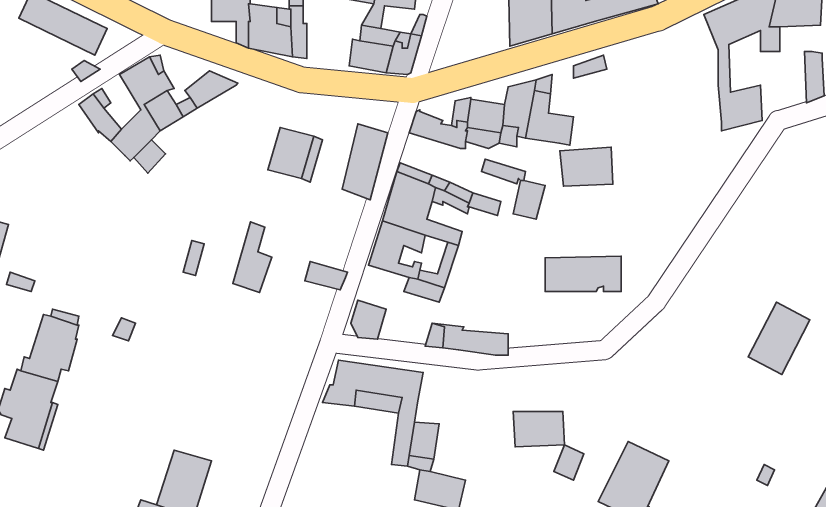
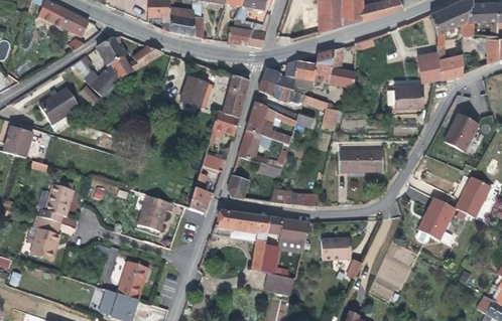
building: none -> [417,53,440,78]
building: none -> [258,81,290,104]
building: none -> [39,89,79,131]
building: [560,147,613,186] -> [393,85,423,107]
building: none -> [212,112,239,137]
building: none -> [444,115,478,152]
building: [233,222,272,292] -> [189,173,211,213]
building: none -> [138,196,173,231]
building: none -> [415,198,455,243]
building: none -> [266,217,309,246]

